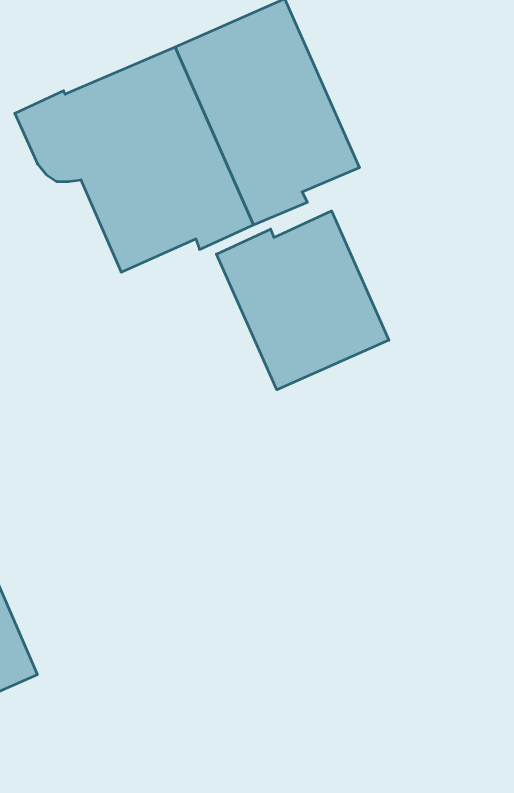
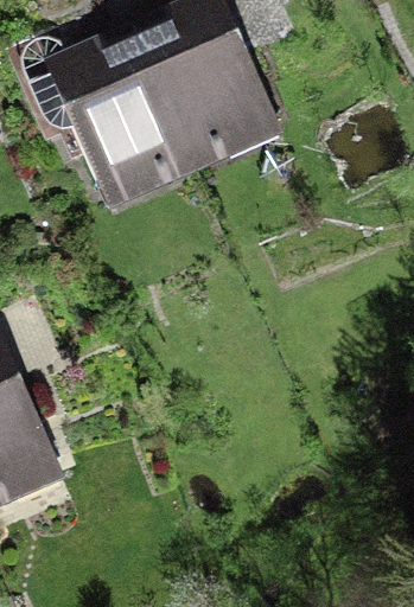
building: [216,211,389,390] -> none

